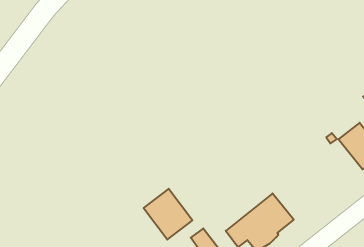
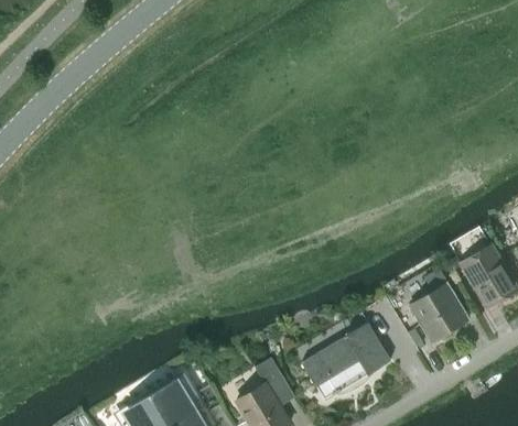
building: none -> [409,283,468,341]
building: [144,189,192,240] -> none

